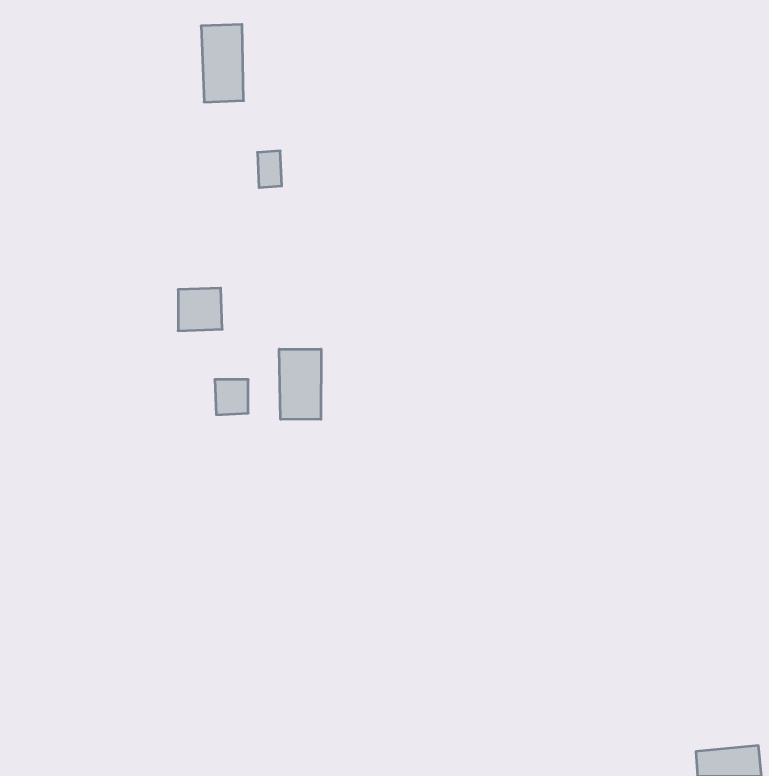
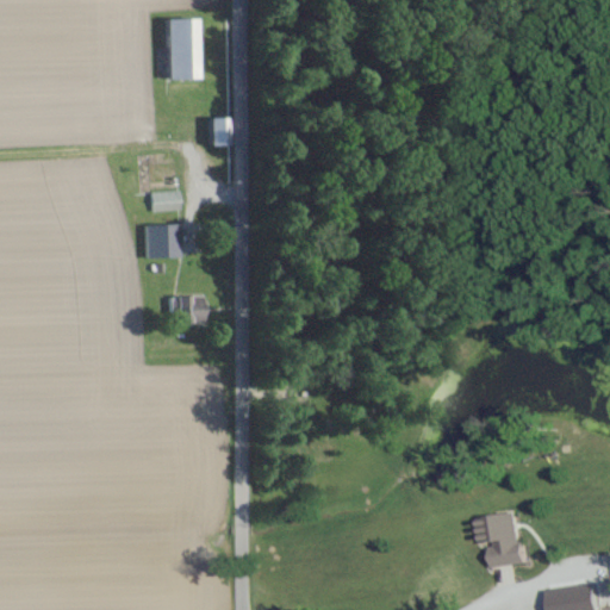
building: none -> [151,192,181,212]
building: [279,349,321,419] -> none
building: none -> [481,510,528,566]

